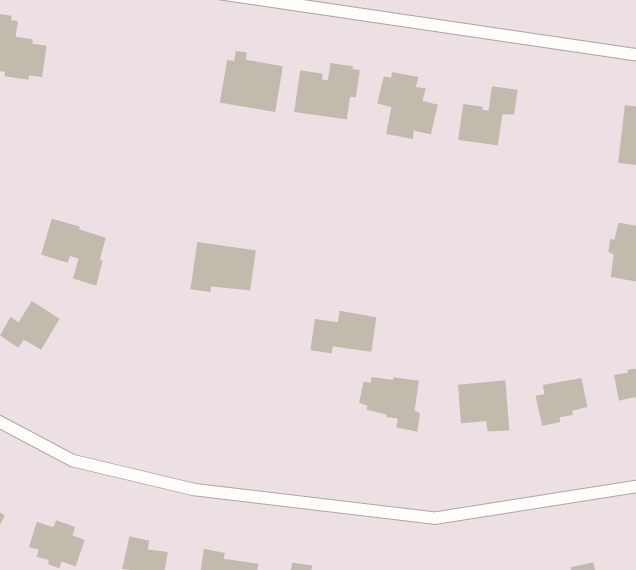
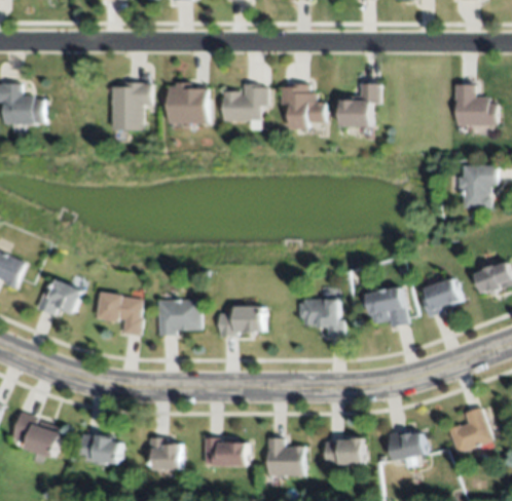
building: none -> [112,80,149,129]
building: [40,217,107,287] -> [98,292,143,336]
building: [190,241,257,293] -> [158,300,202,335]
building: [310,310,377,354] -> [218,304,262,336]

